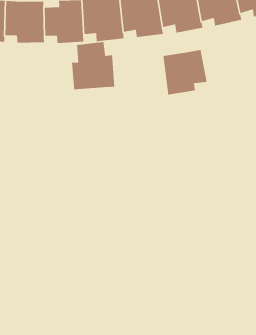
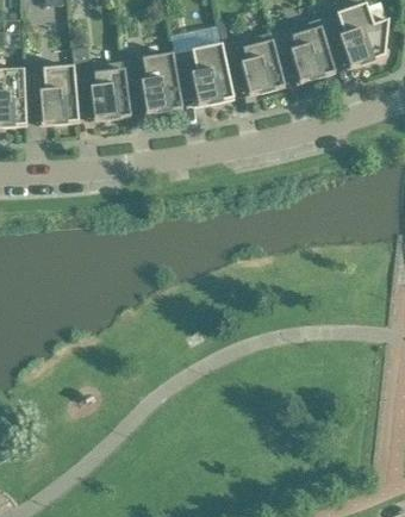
building: [71,41,115,90] -> none
building: [163,49,207,95] -> none

